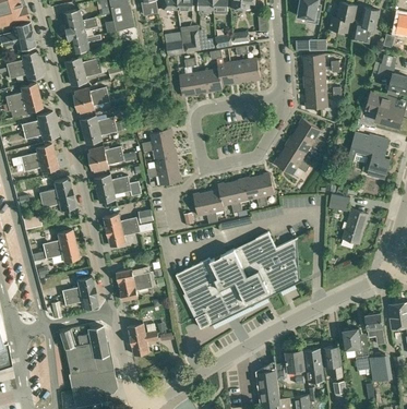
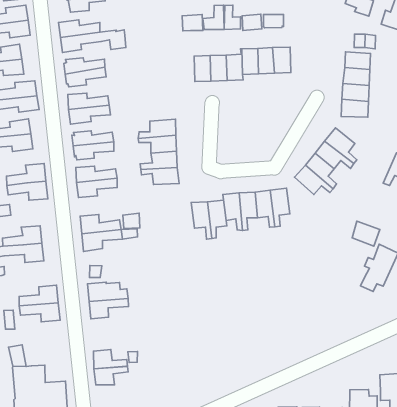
building: [176,232,300,328] -> none
building: [87,326,109,358] -> none

